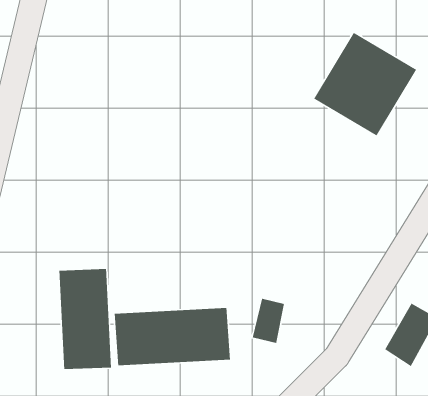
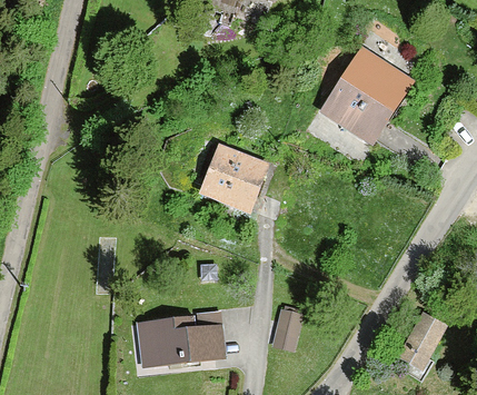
building: none -> [193,147,270,219]
building: [58,268,112,370] -> none

